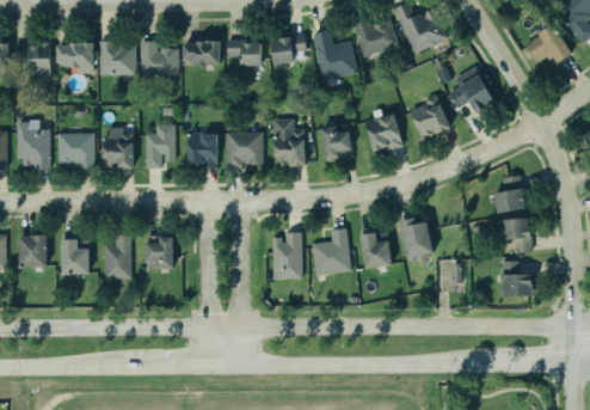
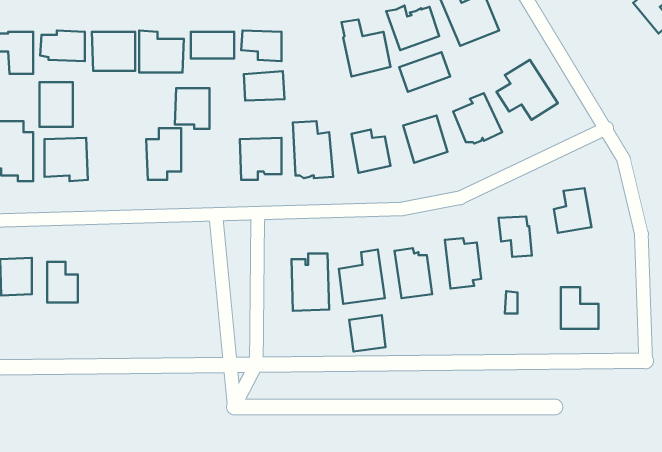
building: [523,24,572,63] -> none
building: [272,37,307,62] -> [244,71,284,101]
building: none -> [399,52,450,92]
building: [105,130,134,169] -> [40,82,73,127]
building: [186,134,216,169] -> [175,88,210,129]
building: [503,219,531,253] -> [498,217,532,257]
building: [105,233,131,280] -> none
building: [146,237,179,269] -> none
building: none -> [349,315,386,351]

